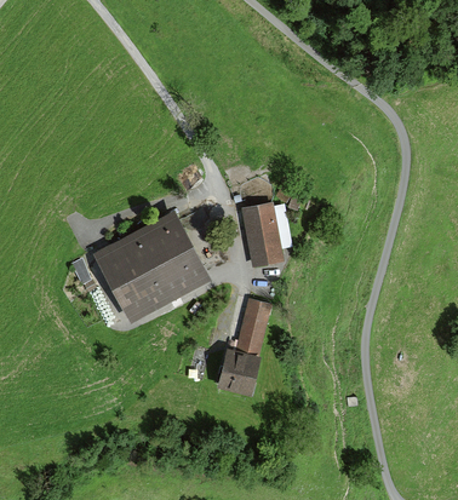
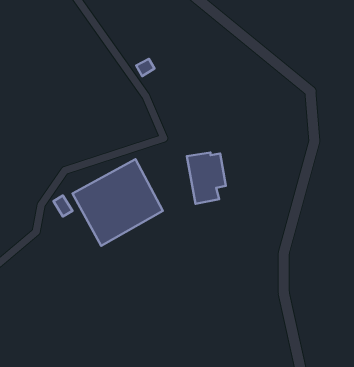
building: [218,300,271,393] -> none

